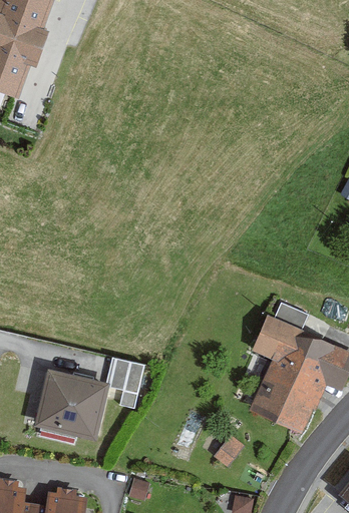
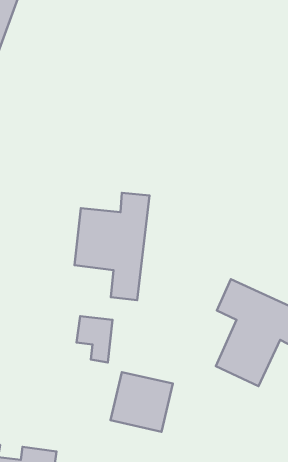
building: none -> [74,193,149,300]
building: [35,374,101,437] -> [110,372,173,432]

